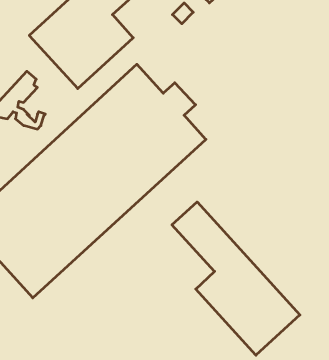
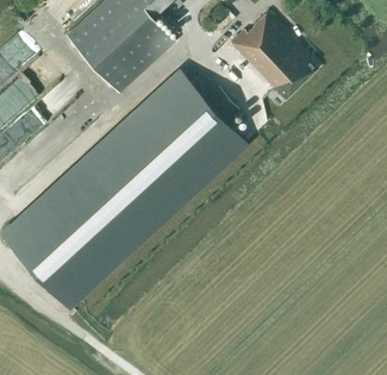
building: none -> [229,12,318,102]
building: [172,202,300,355] -> none

